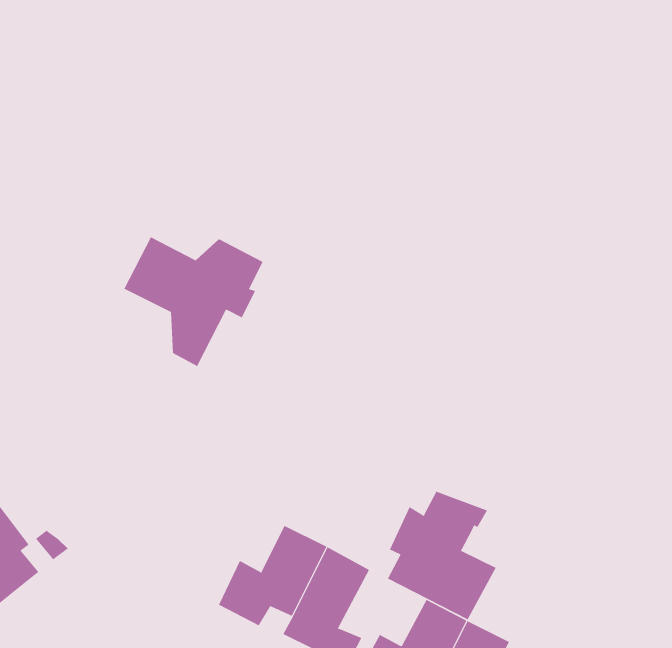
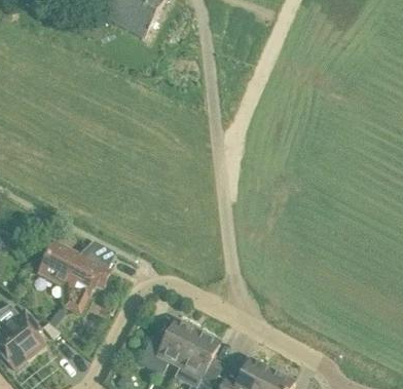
building: [123,236,263,367] -> [40,242,114,311]
building: [387,491,497,620] -> none

